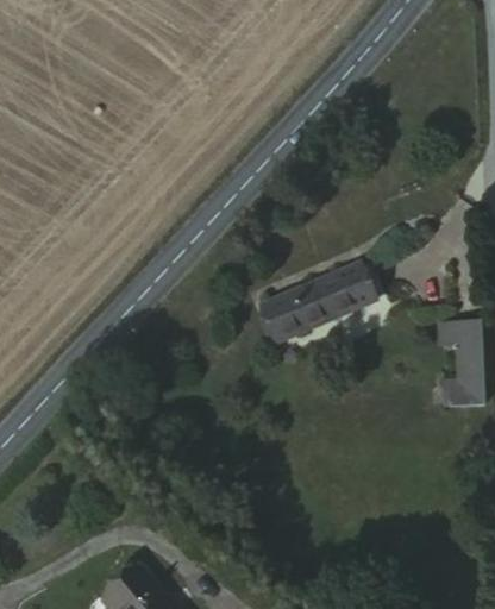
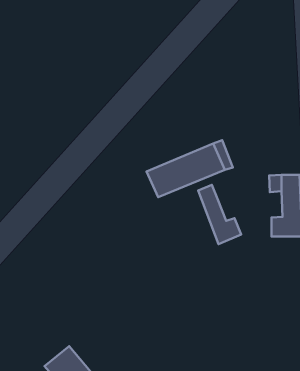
building: none -> [198,185,241,244]

